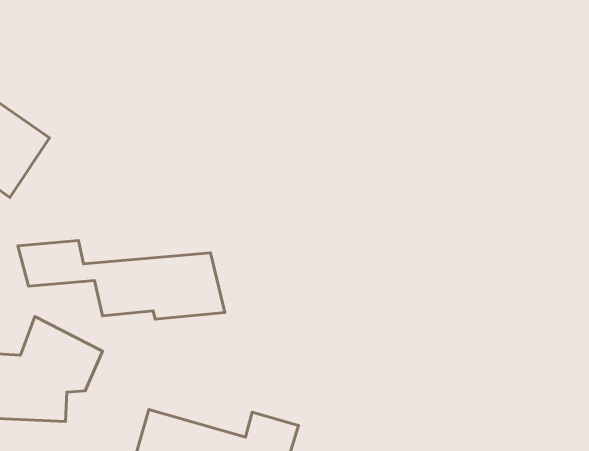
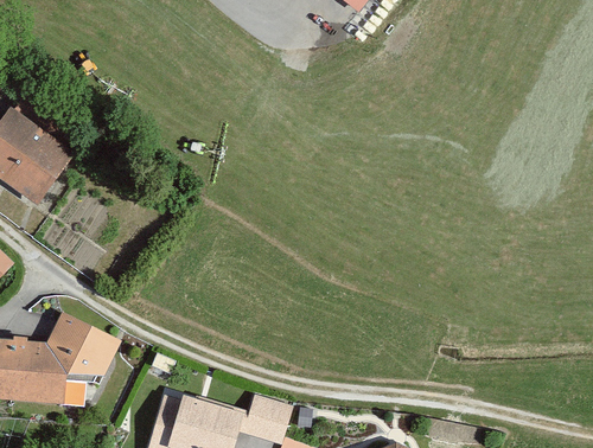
building: [18,241,225,319] -> none

